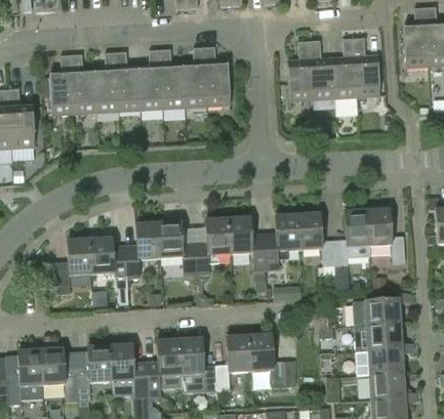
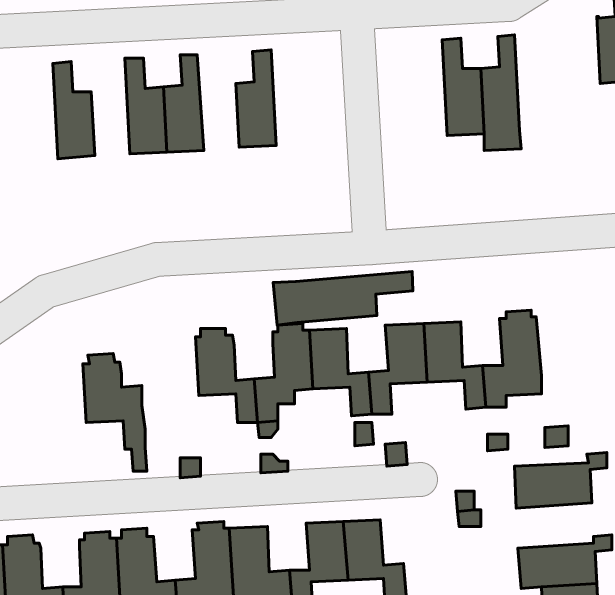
building: [354,38,380,96] -> none
building: [288,41,313,100] -> none
building: [205,46,231,106] -> none
building: [160,49,186,109] -> none
building: [95,52,119,112] -> none
building: [50,55,75,115] -> none
building: none -> [273,271,413,325]
building: [367,205,406,262] -> none
building: [126,222,161,279] -> none
building: [50,239,92,295] -> none
building: [355,324,402,351] -> none

